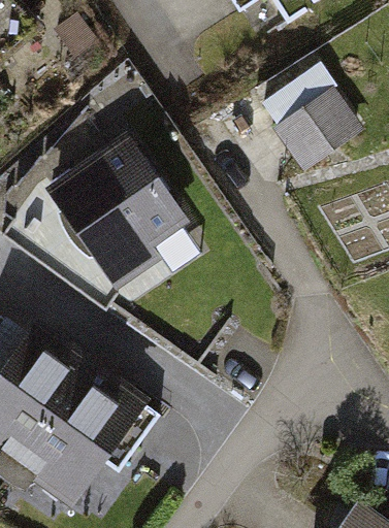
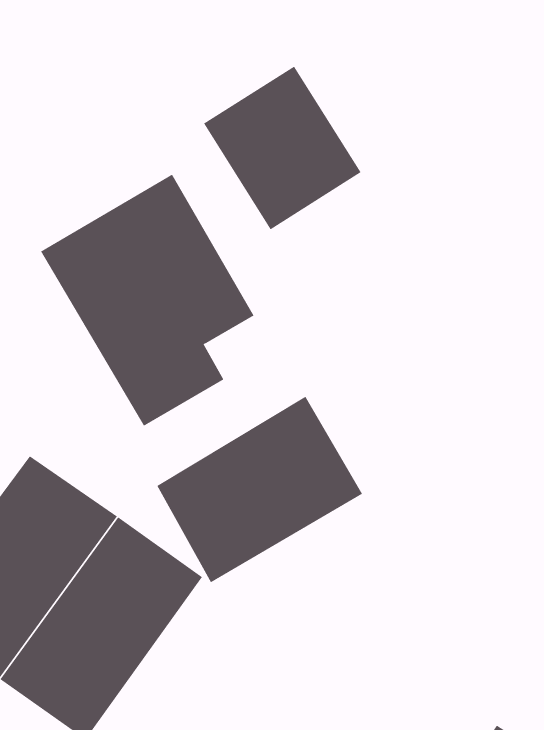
building: [266,67,374,178] -> [203,66,361,230]
building: none -> [156,396,363,583]

